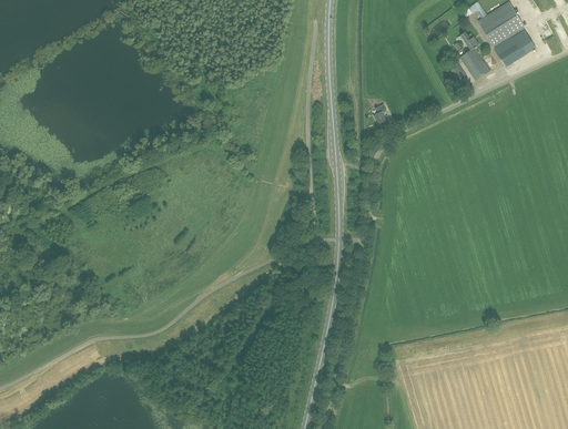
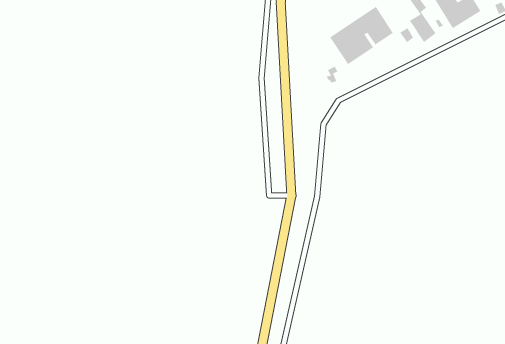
building: none -> [329,6,394,65]

